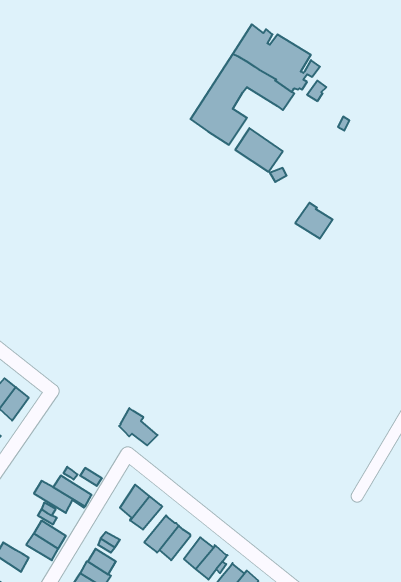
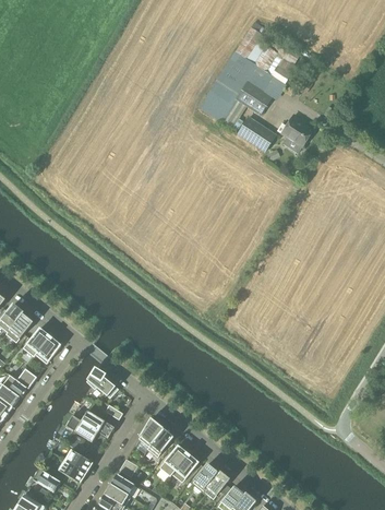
building: none -> [233,80,272,116]
building: [295,203,333,239] -> [280,115,312,145]
building: [119,408,158,445] -> [85,366,118,398]

